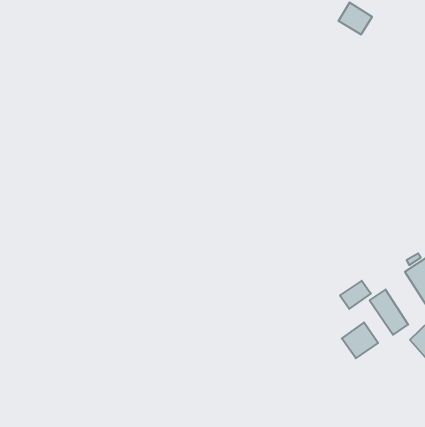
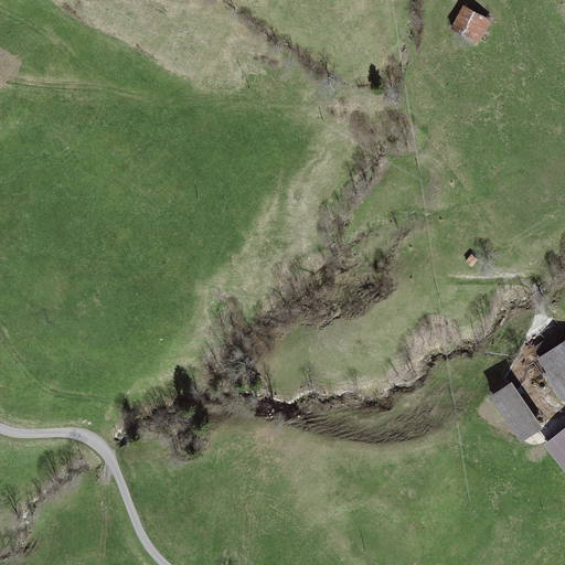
building: [340,281,371,309] -> none
building: [342,322,378,358] -> none

